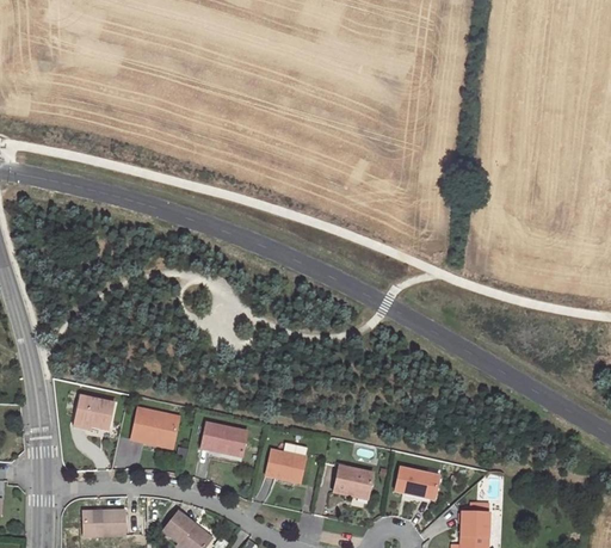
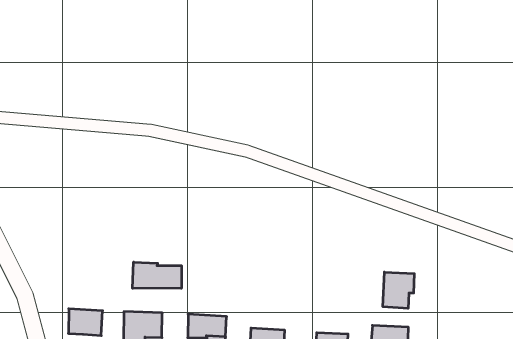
building: none -> [133,262,181,288]
building: none -> [383,272,414,308]

